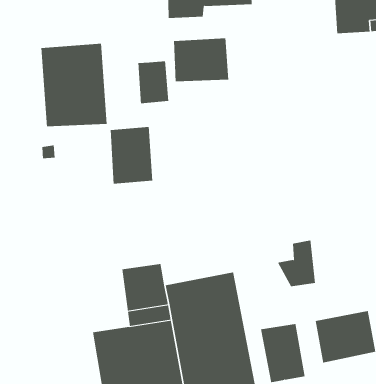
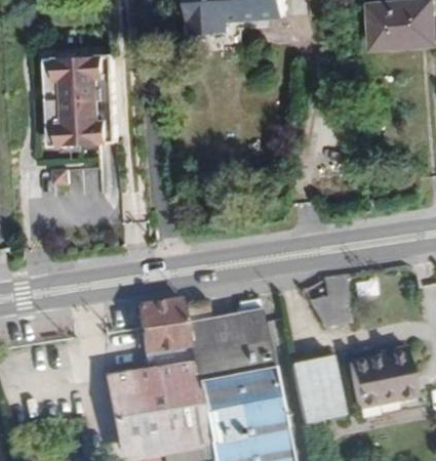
building: [173,38,229,82] -> none
building: [138,60,169,104] -> none
building: [110,126,153,184] -> none

